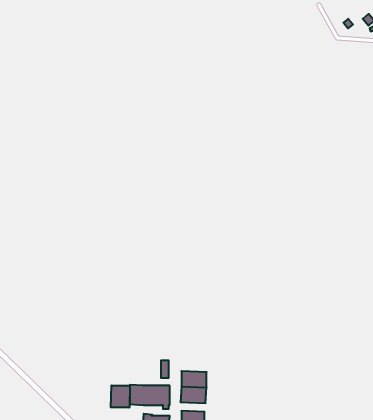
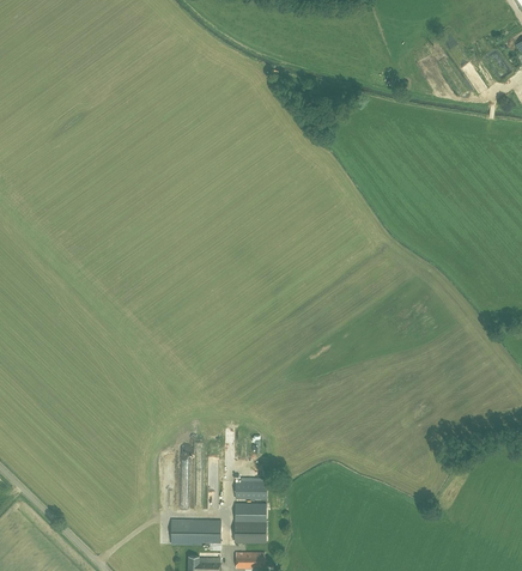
building: none -> [235,481,266,498]
building: [111,385,130,408] -> none

